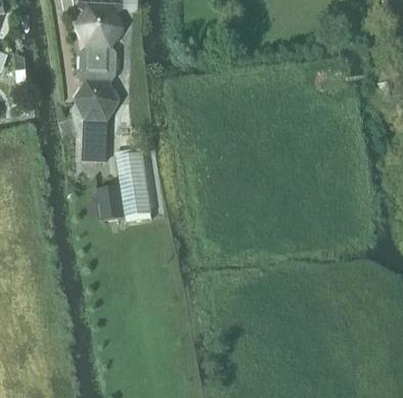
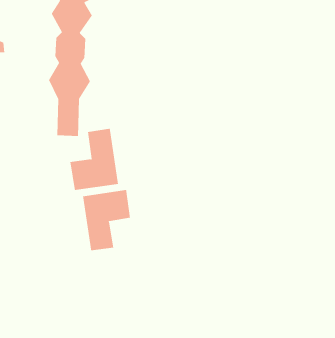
building: none -> [82,189,131,251]

